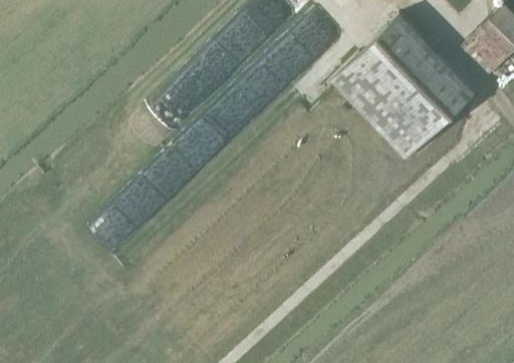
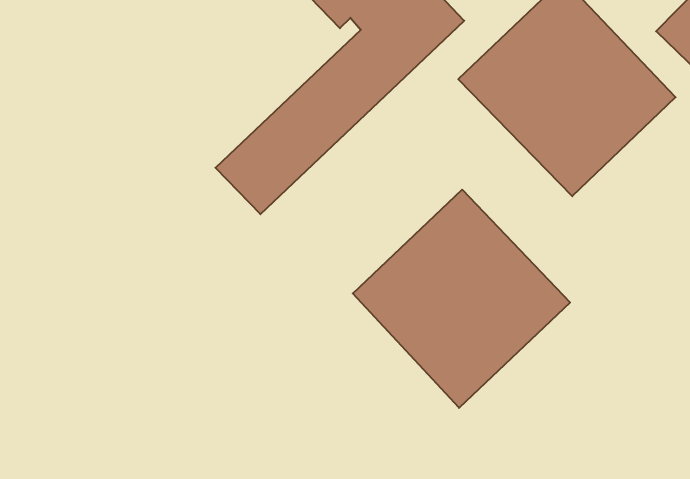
building: none -> [353,190,570,408]

